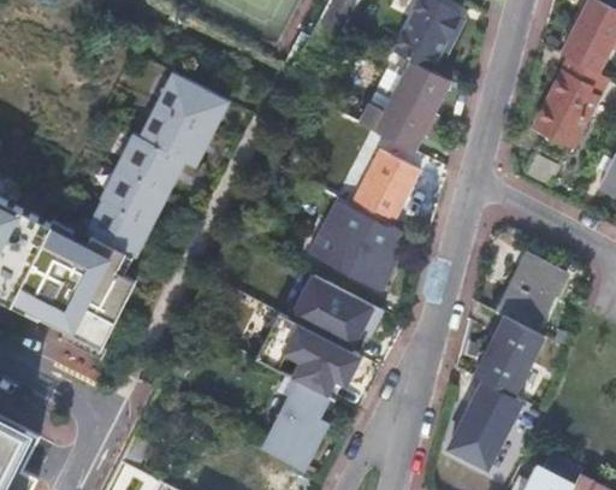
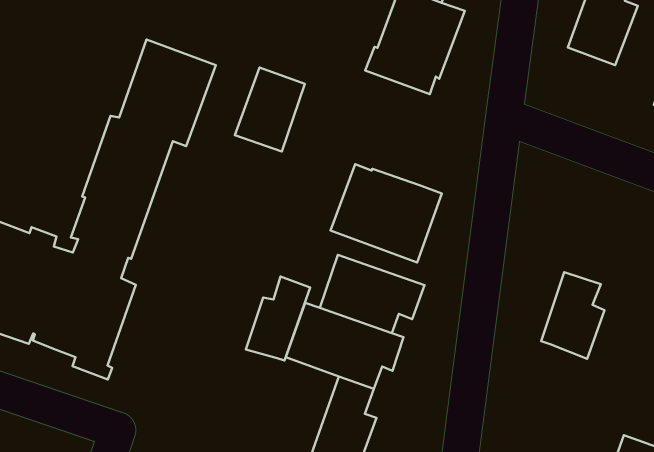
building: [353,152,419,226] -> [235,68,305,151]
building: [498,254,557,332] -> none
building: none -> [246,277,310,361]
building: [449,378,525,466] -> none

